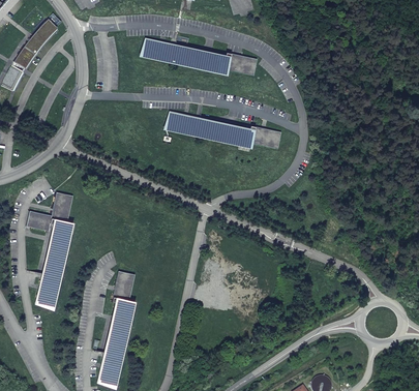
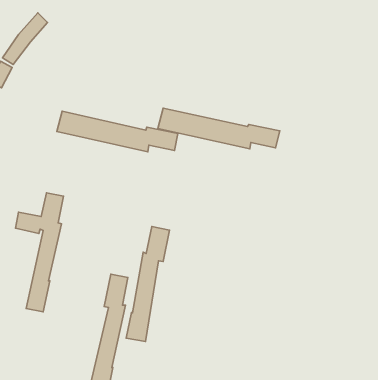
building: [141,37,258,77] -> [57,111,178,152]
building: none -> [126,227,169,342]

